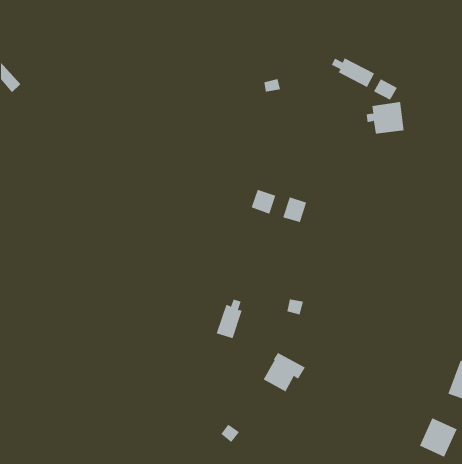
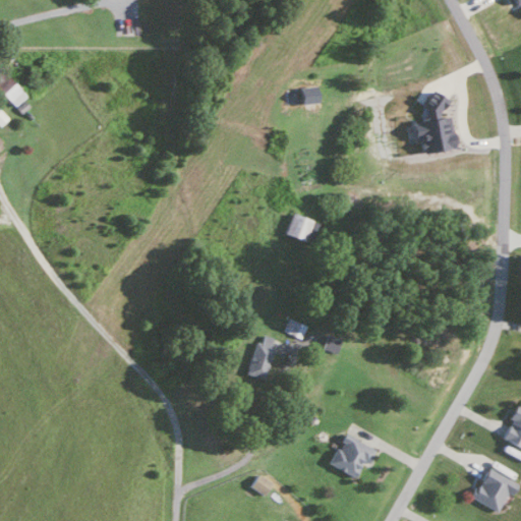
building: [331,58,375,88] -> none
building: [282,197,307,223] -> none
building: [263,352,306,392] -> [330,433,378,478]

